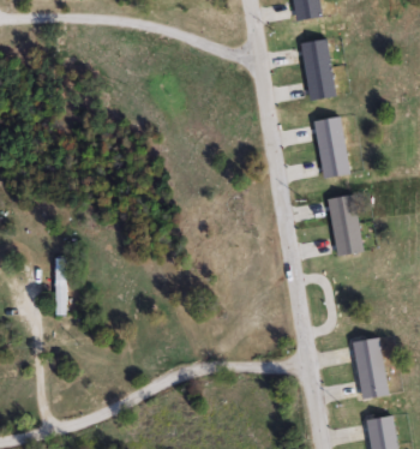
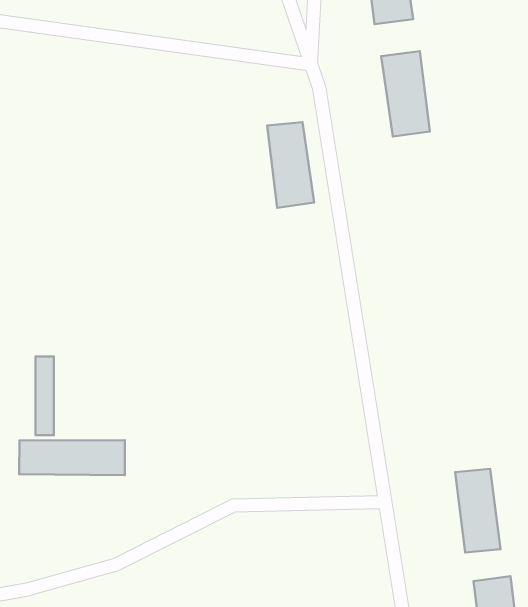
building: [316,116,349,178] -> [267,122,314,208]
building: [328,193,362,256] -> none
building: none -> [19,440,125,475]

